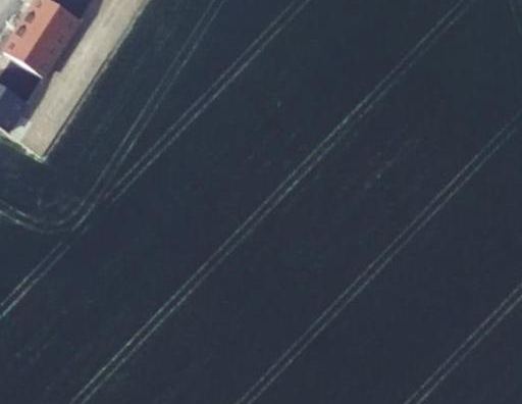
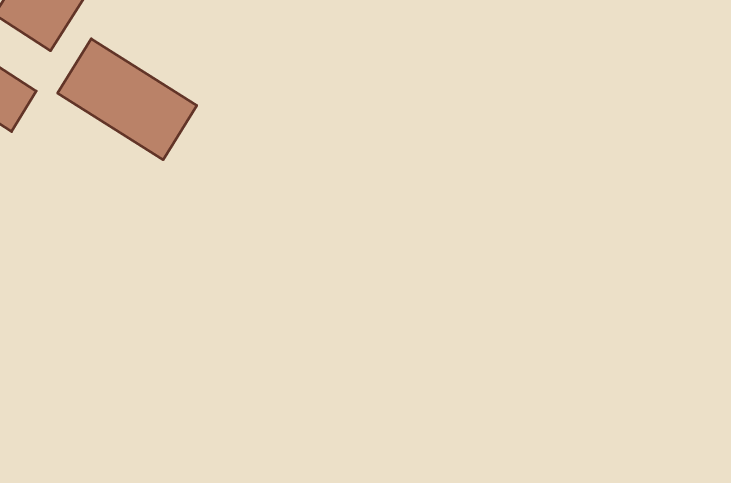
building: none -> [58,39,197,160]

